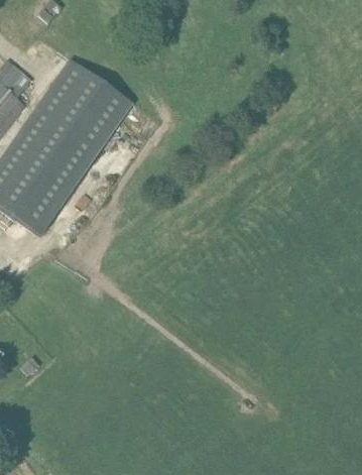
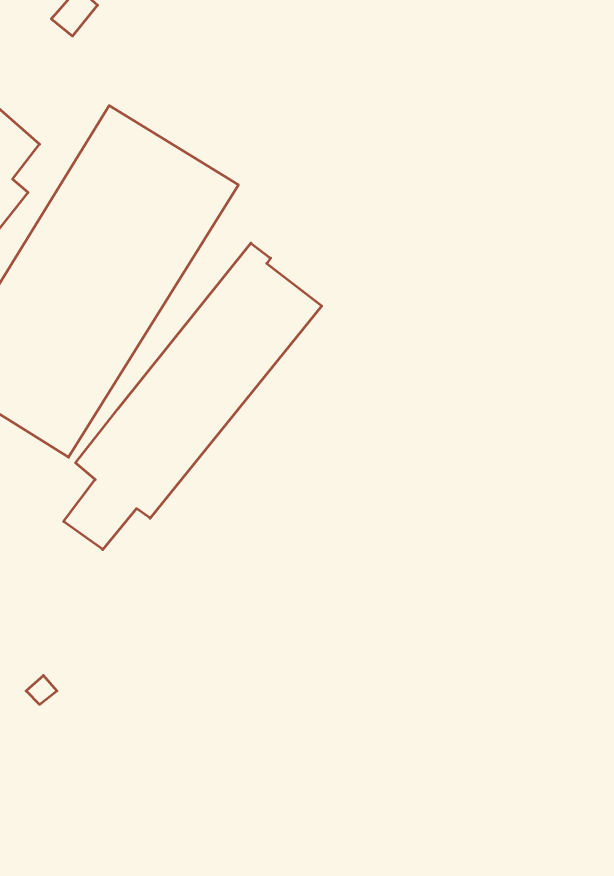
building: none -> [64,243,322,550]

